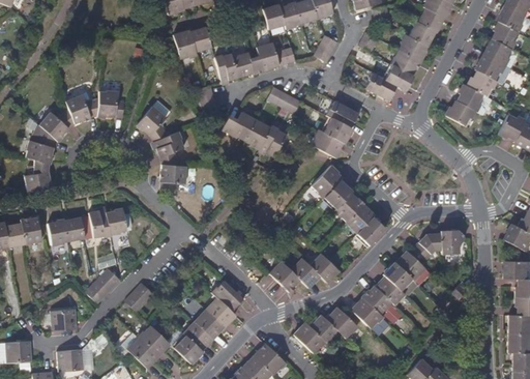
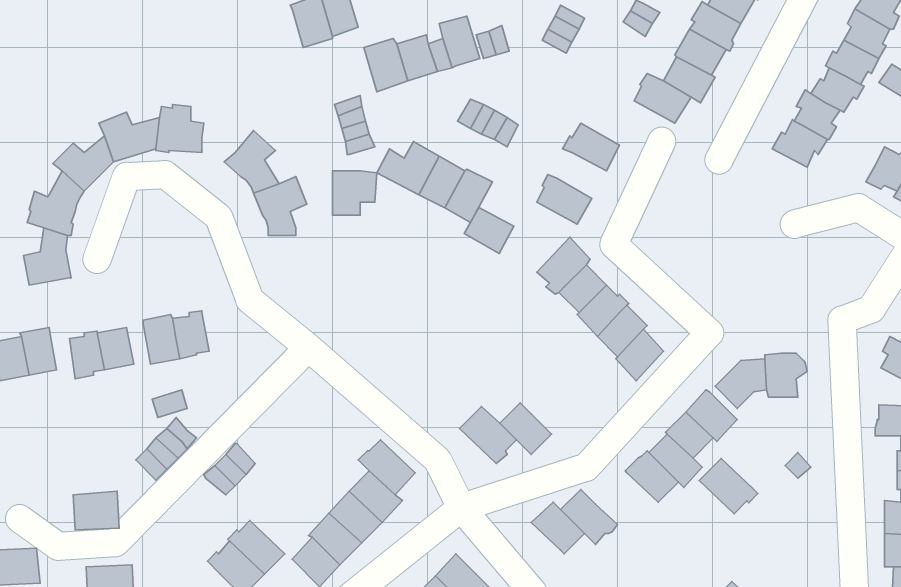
building: [323,118,351,144] -> [464,208,514,254]
building: [160,165,185,190] -> [333,171,377,215]
building: [308,254,337,282] -> none
building: [350,298,383,329] -> [699,459,758,514]
building: [293,322,325,353] -> none

